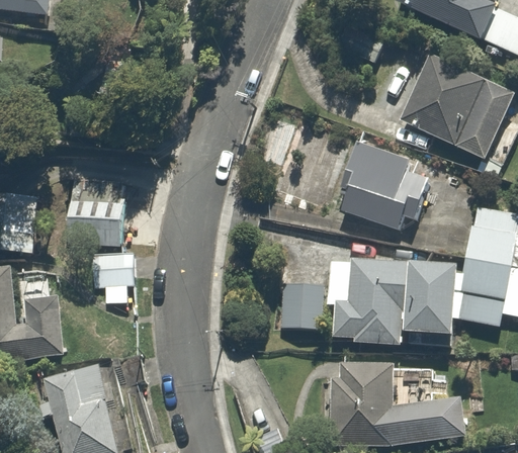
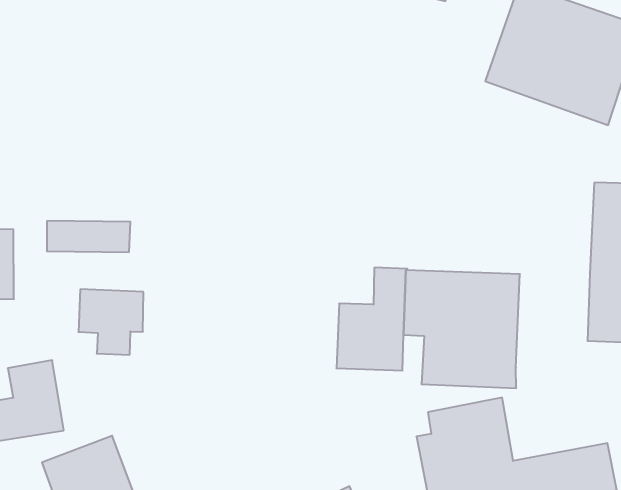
building: [340,133,434,235] -> none
building: [403,264,463,343] -> none

